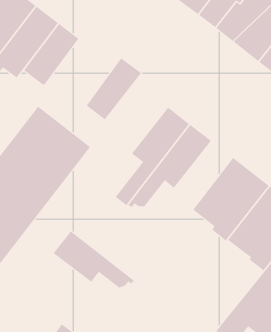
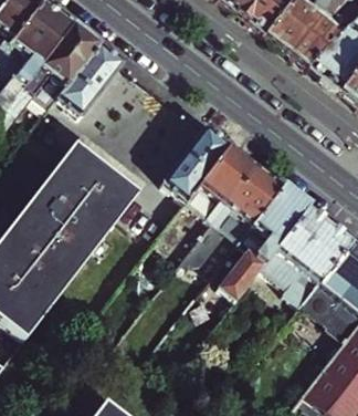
building: [86,58,142,120] -> [165,123,232,198]
building: none -> [220,183,310,298]
building: [53,231,135,288] -> none

